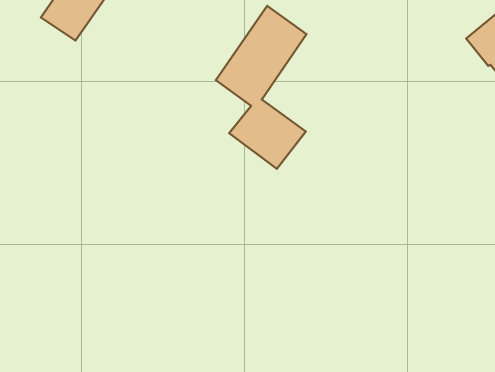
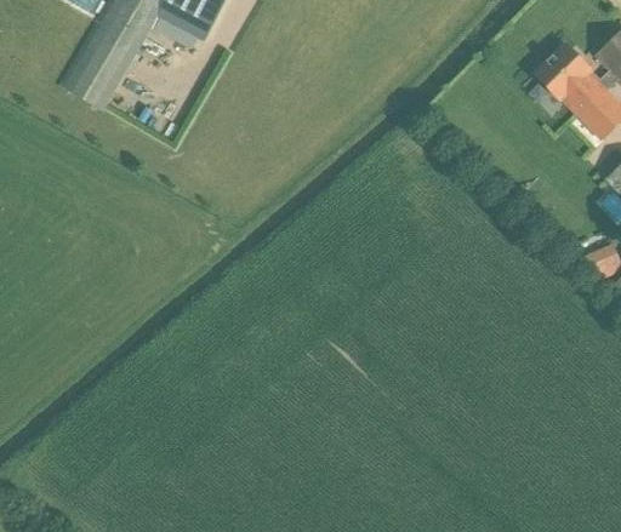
building: [216,6,307,169] -> none

